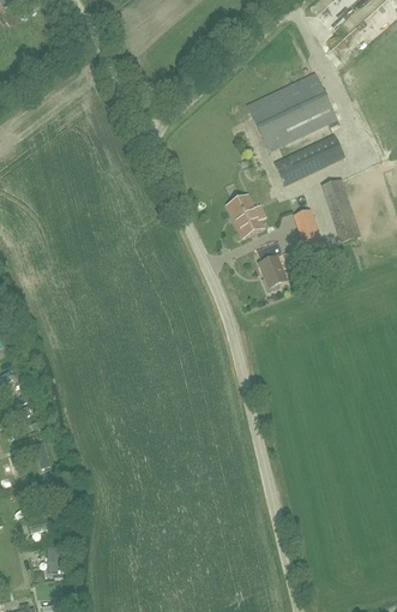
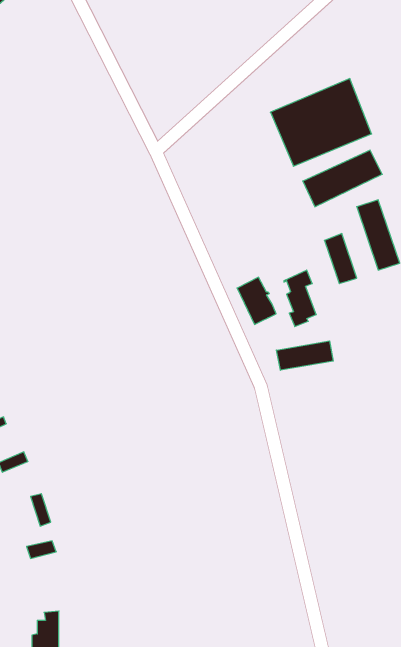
building: [228,196,263,238] -> [237,277,276,324]
building: none -> [276,341,333,370]

